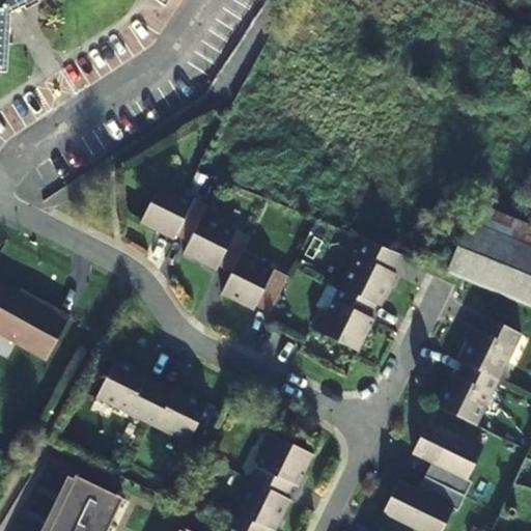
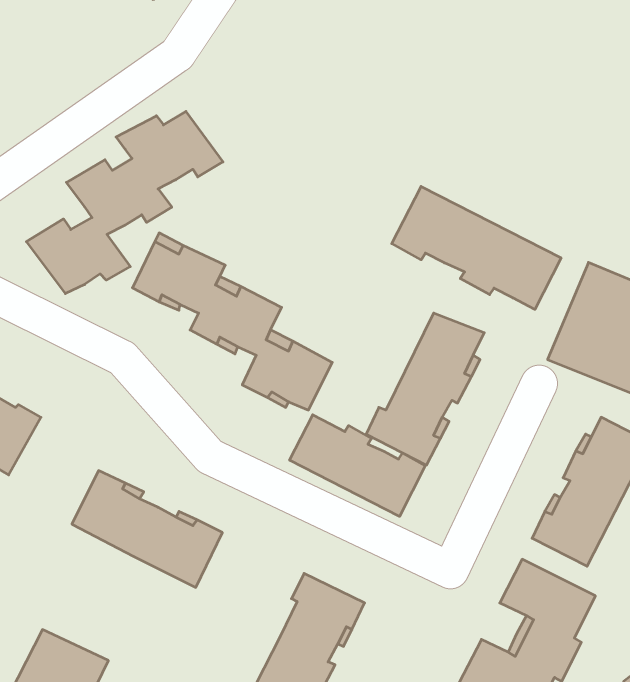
building: none -> [26,111,223,294]
building: none -> [392,186,561,309]
building: none -> [290,415,425,516]

